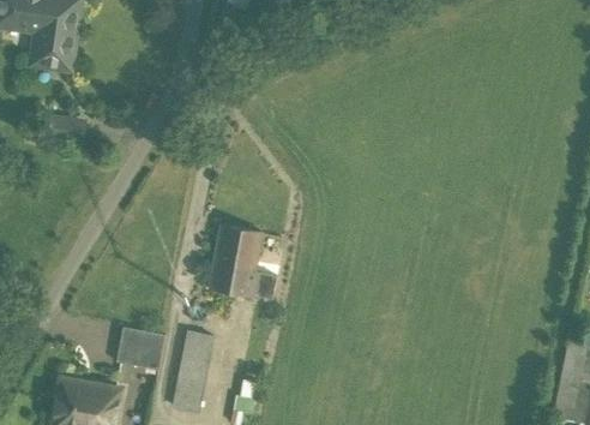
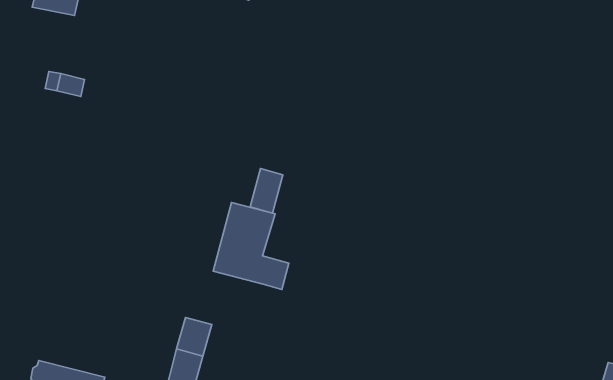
building: none -> [250,169,283,213]
building: [115,328,164,370] -> none

